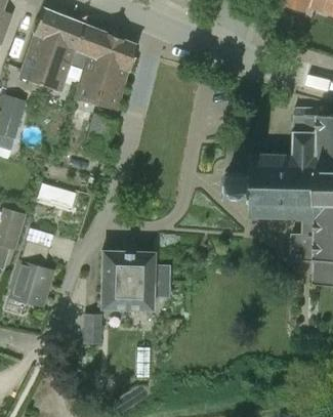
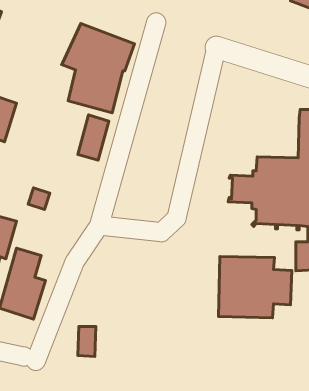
building: [19,8,87,92] -> none
building: [100,251,170,309] -> [219,256,292,318]

